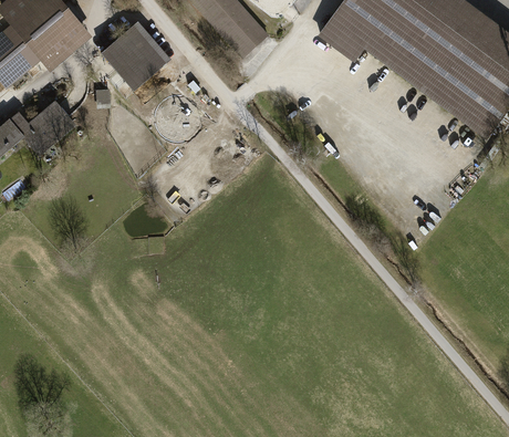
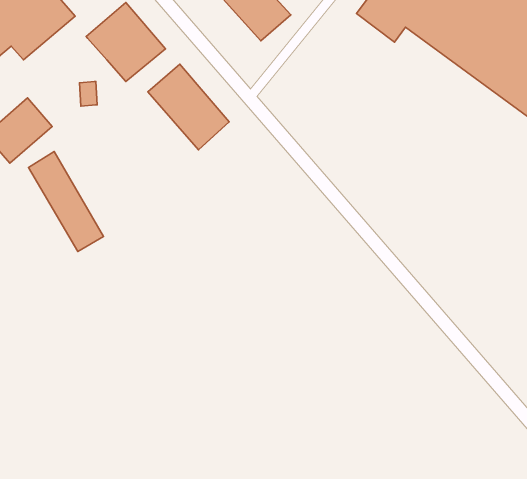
building: none -> [148,64,229,150]
building: none -> [28,151,103,251]

